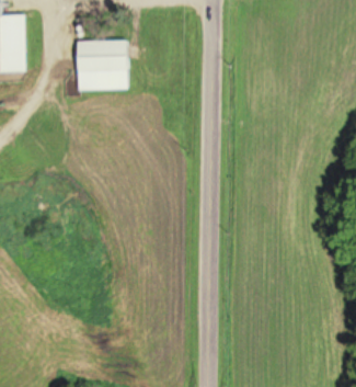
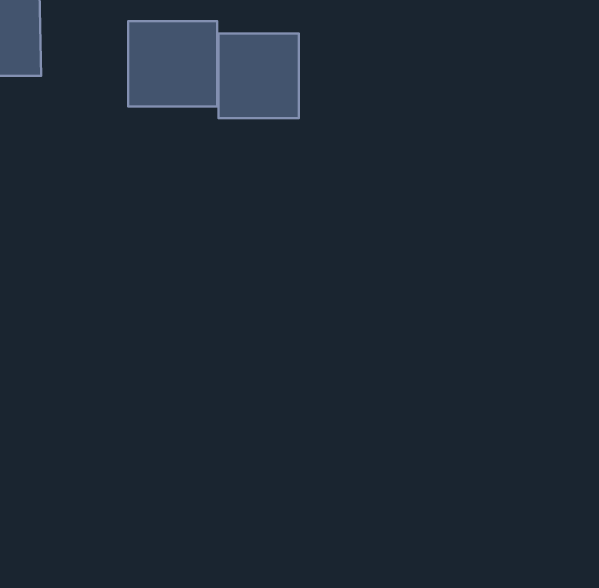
building: none -> [219,33,299,118]

